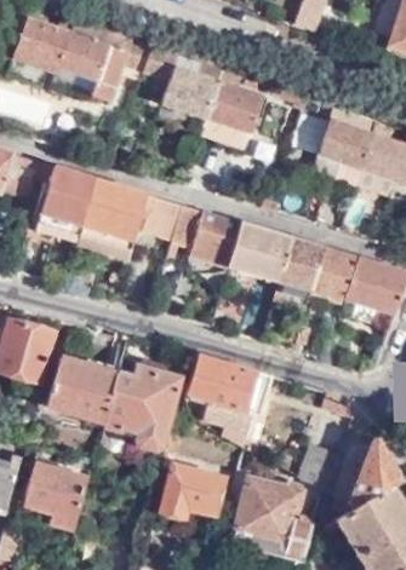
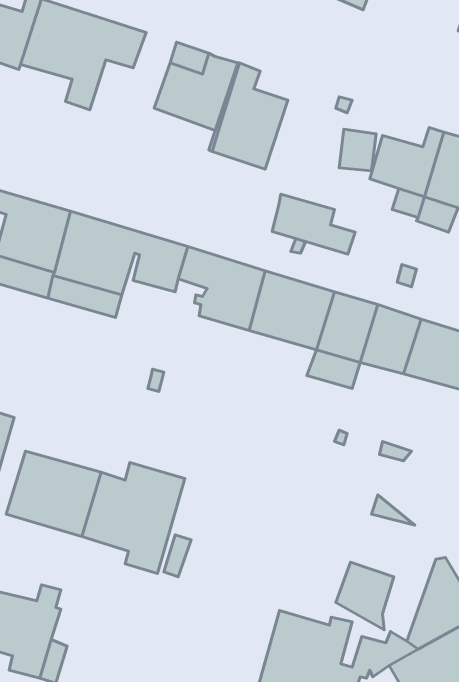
building: none -> [272,194,355,254]
building: [188,356,274,445] -> none
building: [158,462,224,518] -> none

